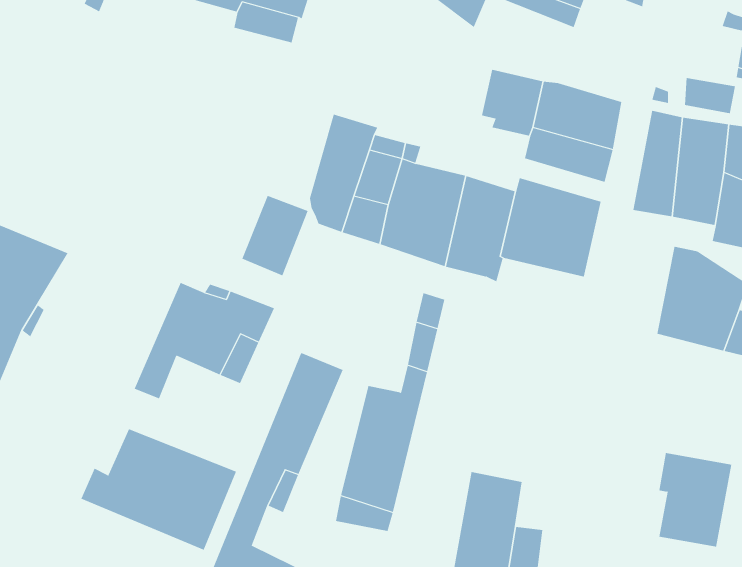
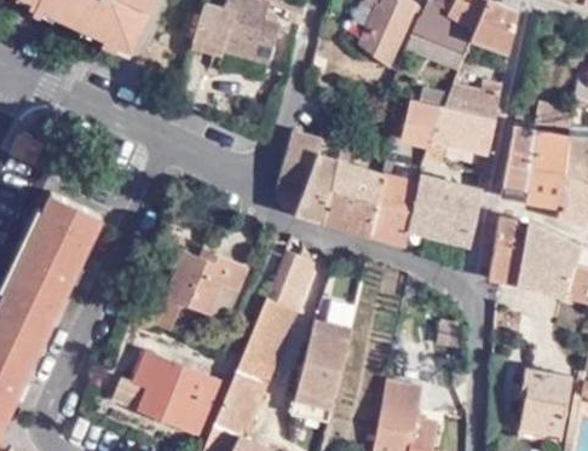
building: none -> [450,83,501,120]
building: [241,195,309,276] -> [270,251,317,308]
building: none -> [489,216,531,283]

